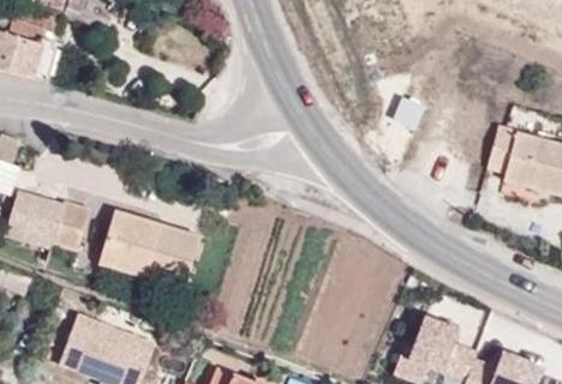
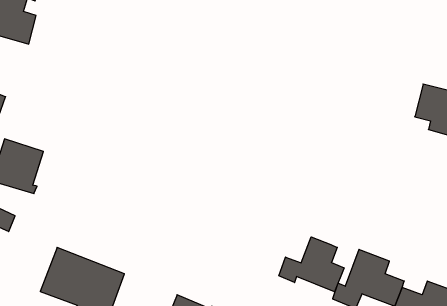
building: [50,200,91,251] -> none
building: [98,211,199,288] -> none
building: none -> [279,237,344,292]

